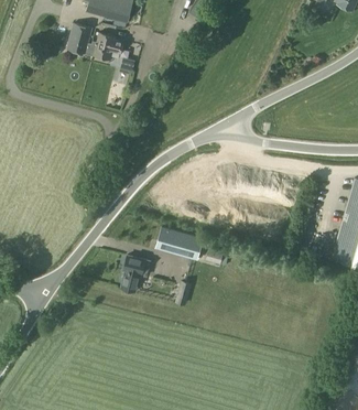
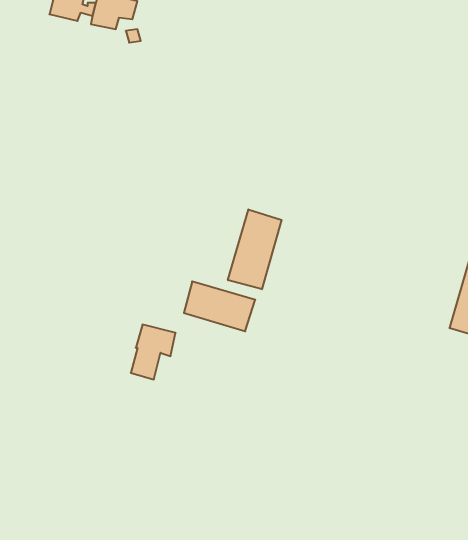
building: none -> [228,209,282,289]

